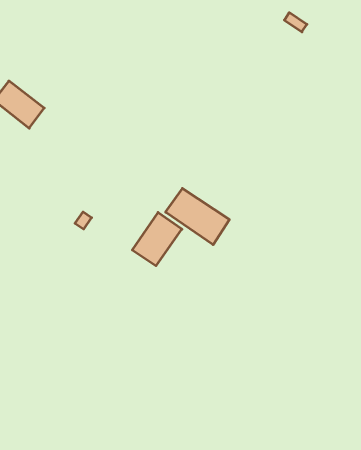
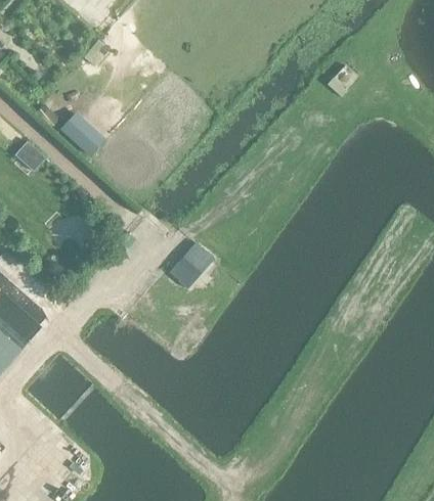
building: [166,188,229,245] -> none

